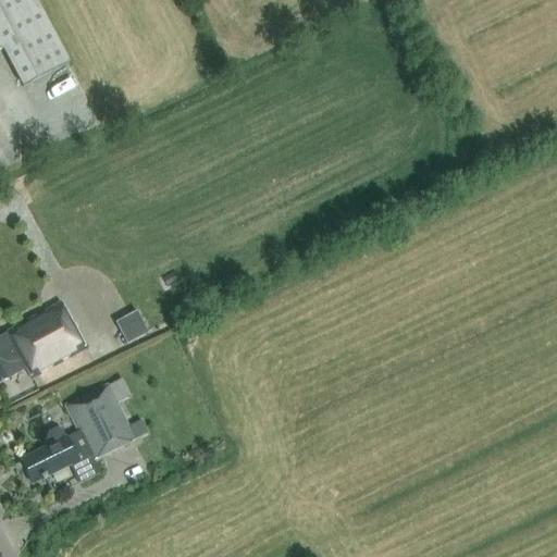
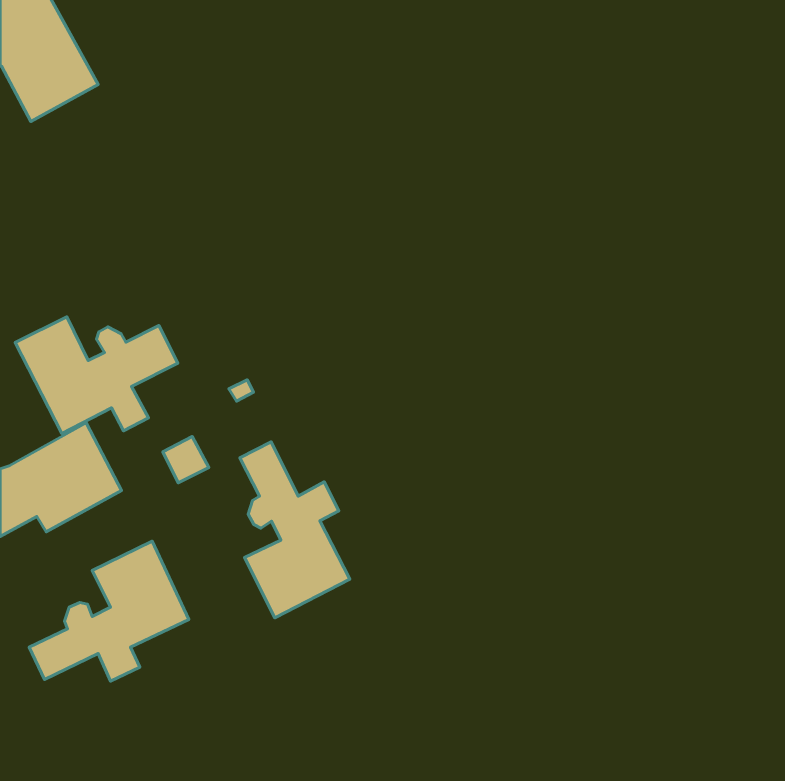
building: none -> [15,317,178,434]
building: none -> [240,442,350,618]

